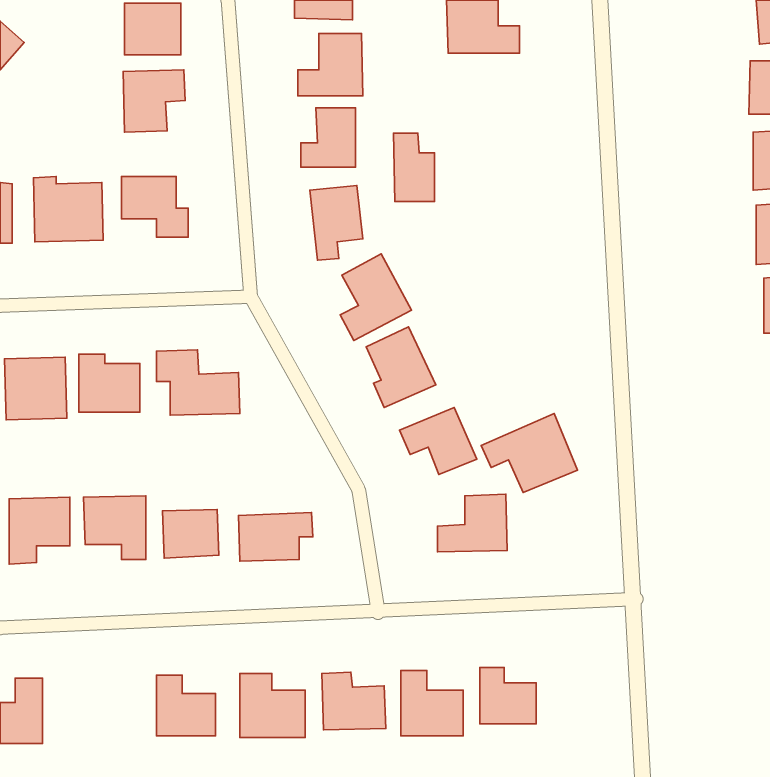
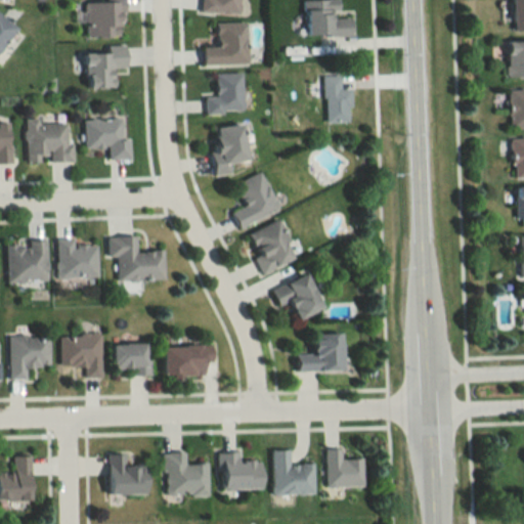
building: [393,133,434,202] -> [324,76,352,122]
building: [481,413,578,493] -> none

